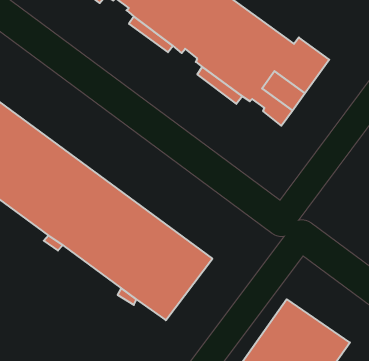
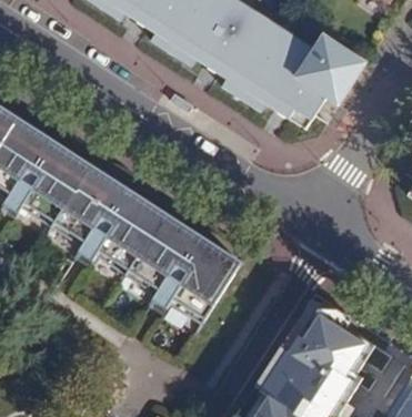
building: none -> [315,32,364,103]

